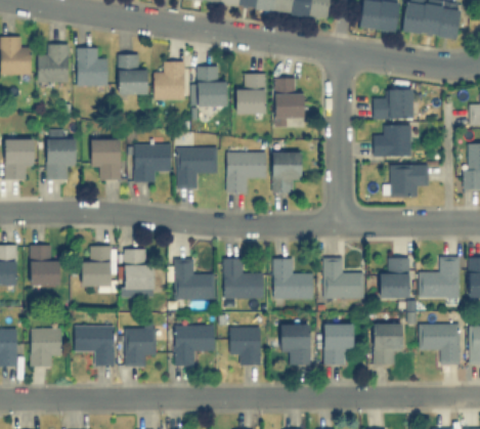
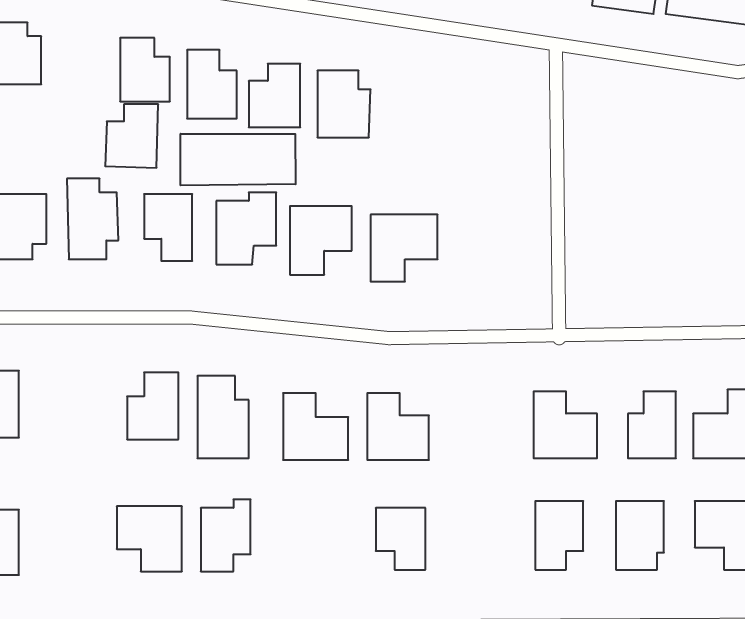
building: [38,45,70,83] -> [105,104,158,168]
building: [236,75,266,115] -> none
building: [275,79,304,120] -> none
building: [374,89,412,120] -> none
building: none -> [181,134,296,185]
building: [375,125,411,156] -> none
building: [272,153,302,192] -> none
building: [385,165,428,197] -> none
building: [31,246,60,285] -> none
building: [274,259,312,299] -> none
building: [282,325,310,364] -> none
building: [175,326,214,366] -> none
building: [32,329,62,367] -> none

